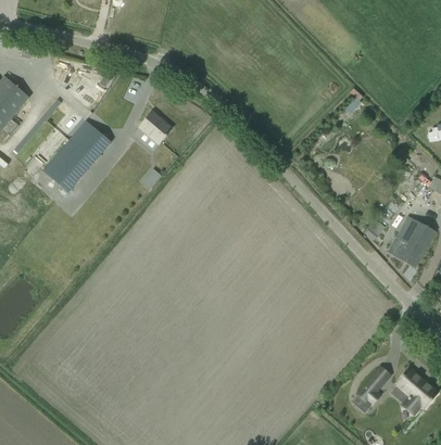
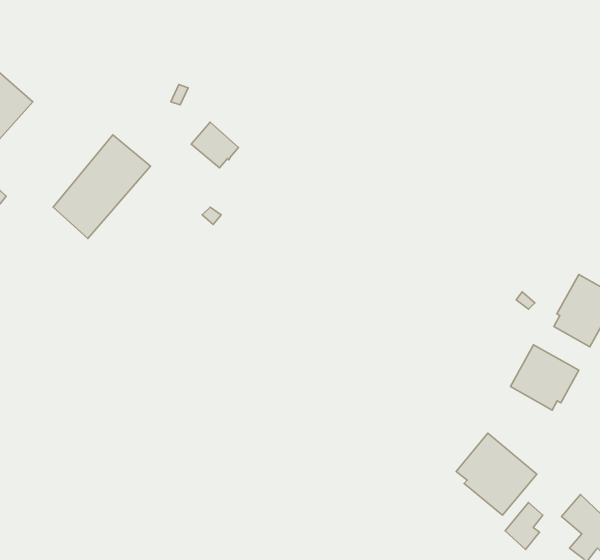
building: none -> [510,345,579,410]
building: none -> [456,433,537,515]

